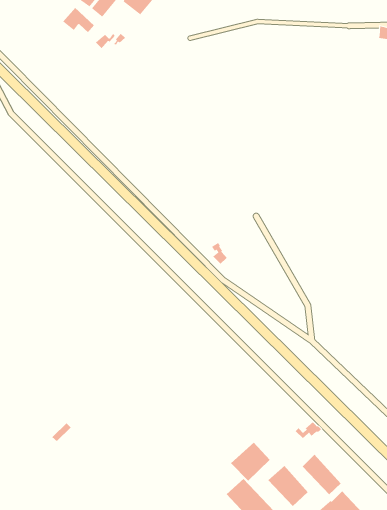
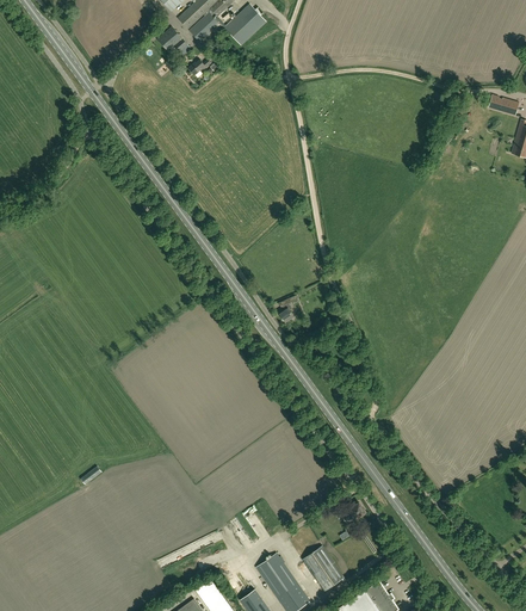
building: [230,442,271,482] -> none
building: [302,454,342,495] -> none

